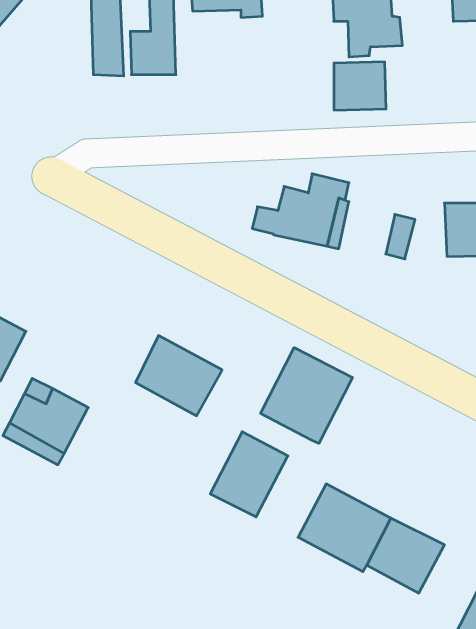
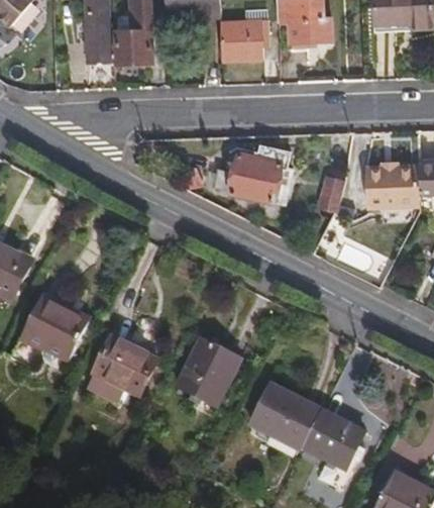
building: [334,62,386,110] -> [221,16,262,55]
building: [136,336,222,416] -> [96,337,165,401]
building: [261,348,352,443] -> none

